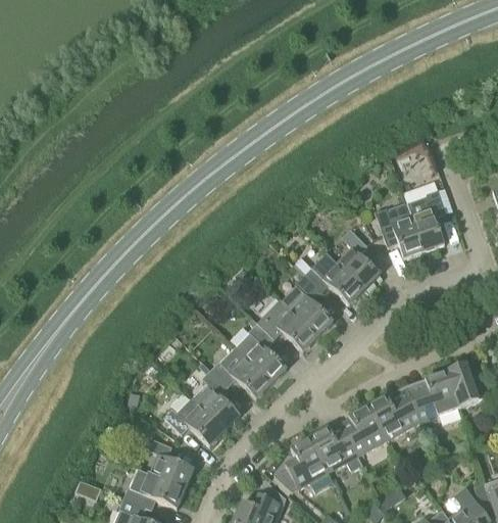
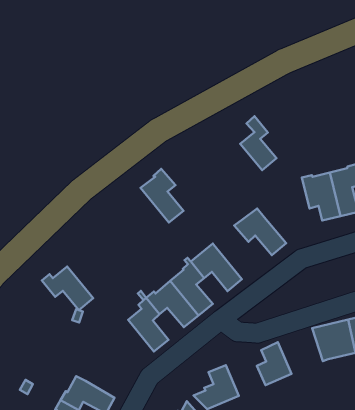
building: [338,228,382,289] -> [240,116,277,170]
building: [283,275,335,336] -> [141,169,183,223]
building: [368,384,422,439] -> none
building: [165,396,227,445] -> [42,266,93,310]
building: [311,426,363,471] -> none
building: [146,436,196,488] -> none

